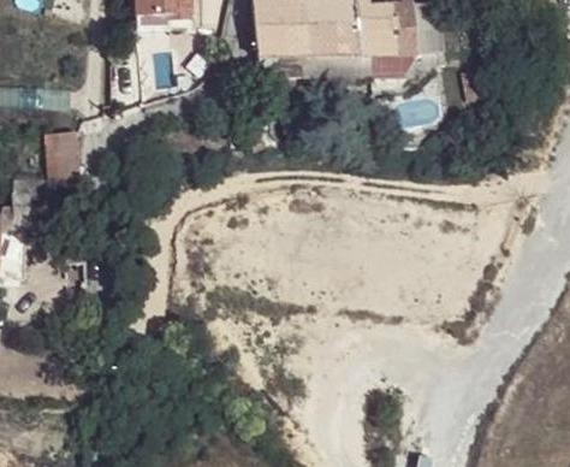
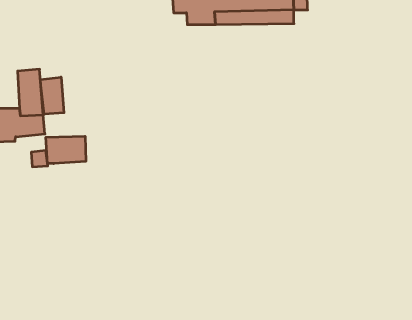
building: none -> [41,77,64,114]
building: none -> [46,136,86,164]

